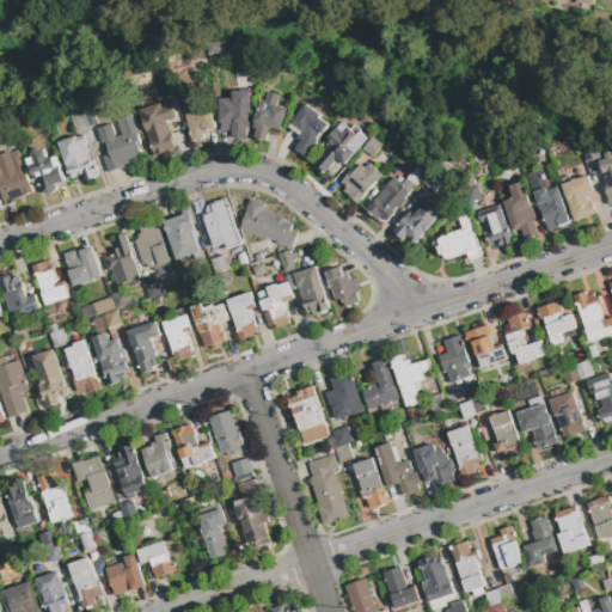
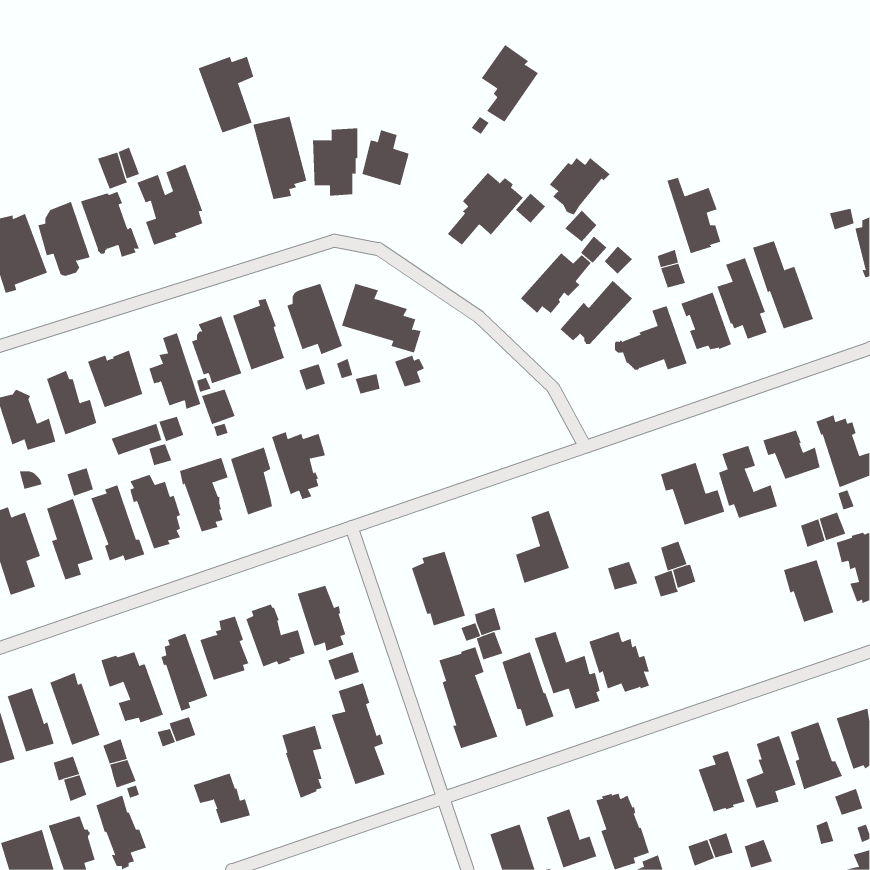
building: [137,102,177,155] -> [198,56,254,133]
building: [288,103,329,158] -> [481,44,539,123]
building: [339,163,382,203] -> [549,157,610,215]
building: [557,167,595,221] -> [666,177,721,254]
building: [293,265,329,314] -> none
building: [323,267,359,306] -> none
building: [257,282,292,328] -> none
building: [226,292,257,341] -> none
building: [437,335,471,381] -> none
building: [390,354,432,406] -> none
building: [324,371,363,418] -> none
building: [515,393,557,448] -> none
building: [489,410,524,460] -> none
building: [447,426,482,477] -> none
building: [449,540,484,593] -> none
building: [105,553,145,595] -> none

